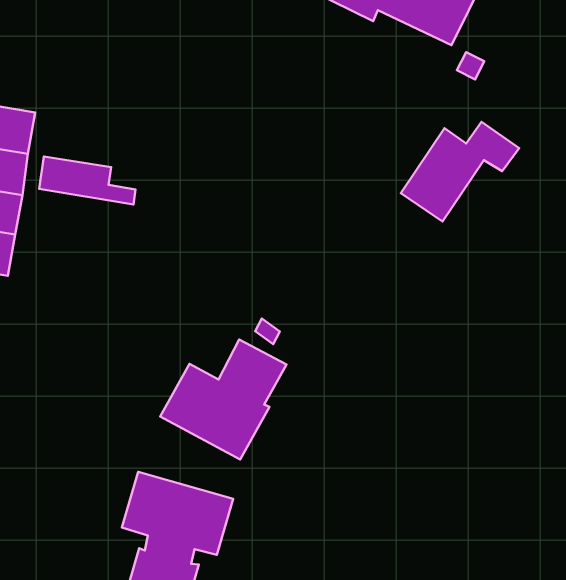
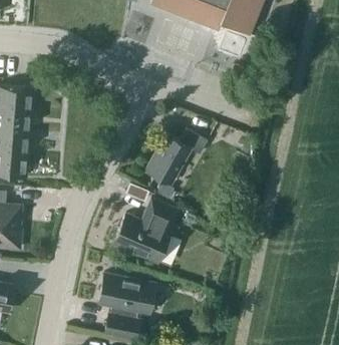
building: [401,122,519,221] -> [147,129,208,184]
building: [39,156,136,204] -> none

